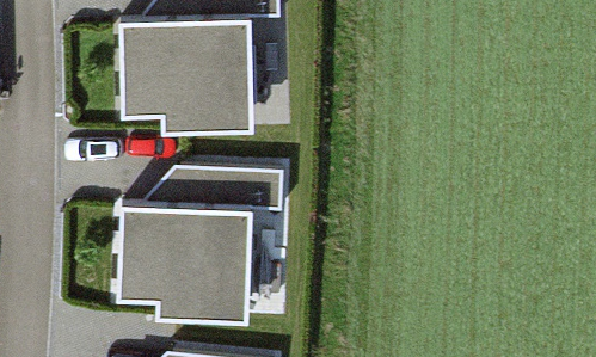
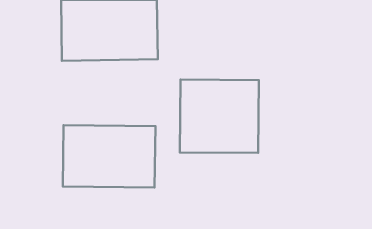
building: none -> [180,80,259,153]

